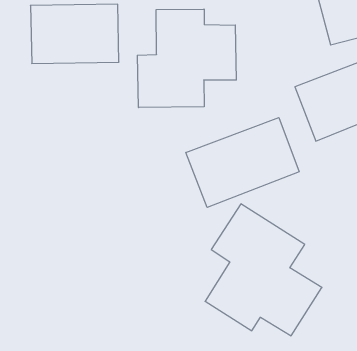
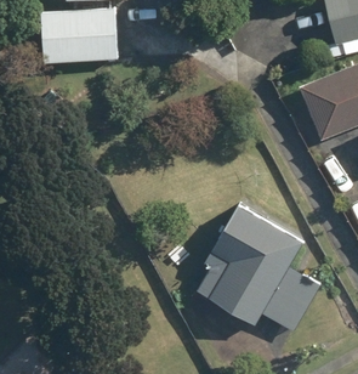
building: [137,9,236,108] -> none
building: [186,118,299,207] -> none

